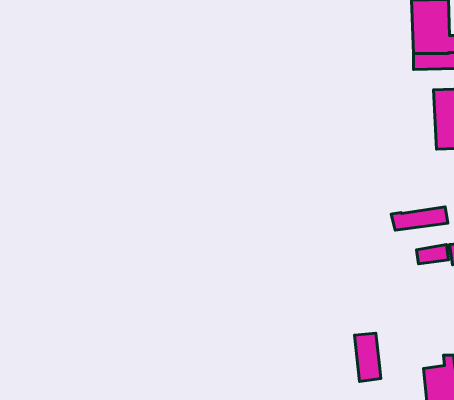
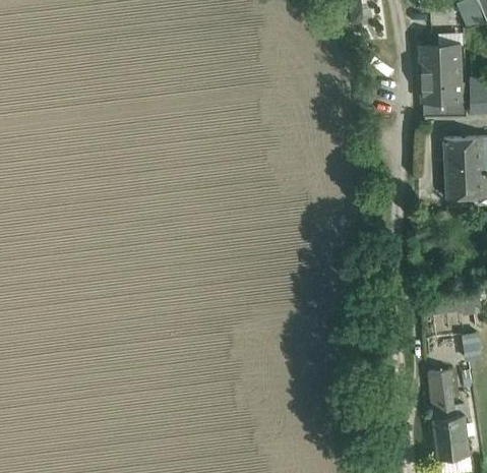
building: [391,207,448,230] -> none
building: [355,333,381,382] -> [428,371,454,420]

